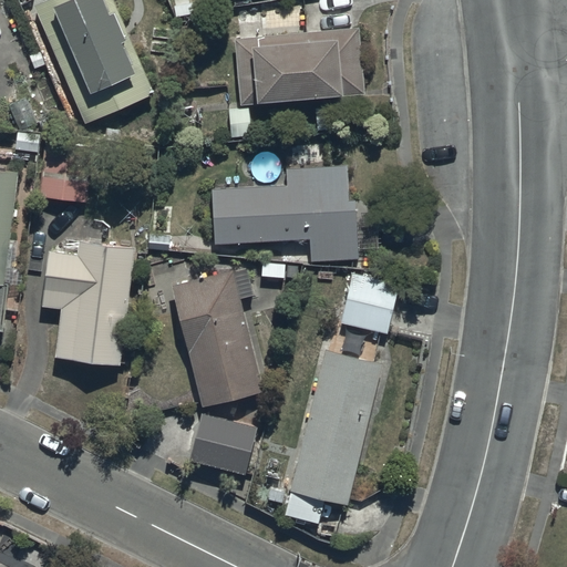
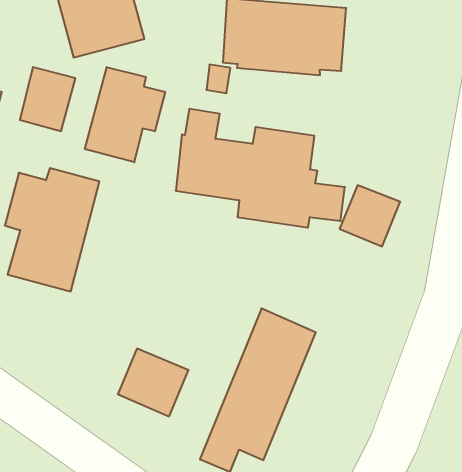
building: none -> [85,67,165,162]
building: [172,267,264,408] -> none
building: [340,274,398,332] -> [340,185,400,246]

